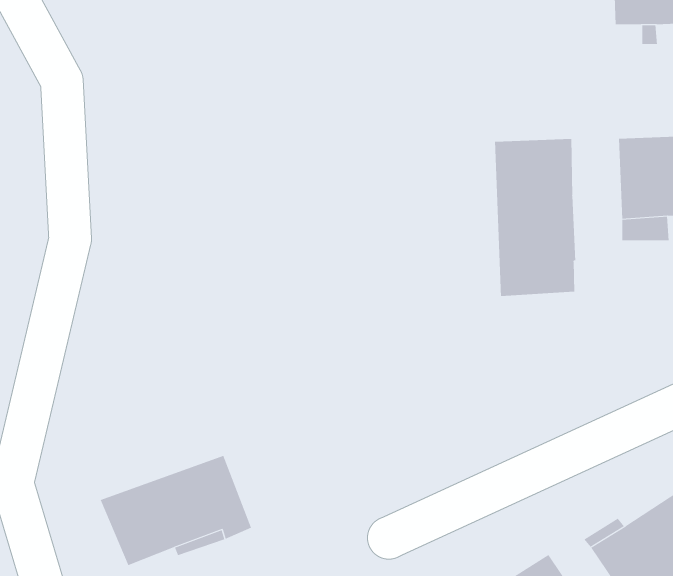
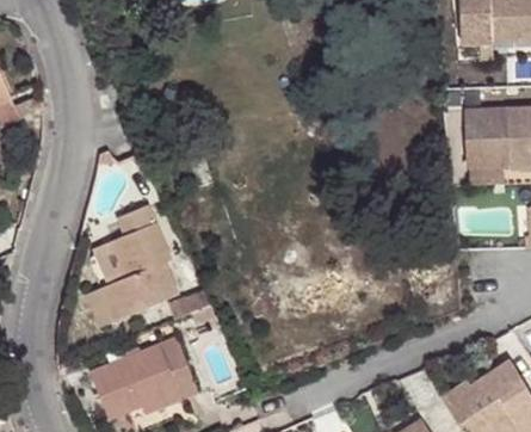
building: [495,138,576,297] -> none
building: none -> [98,203,175,320]

